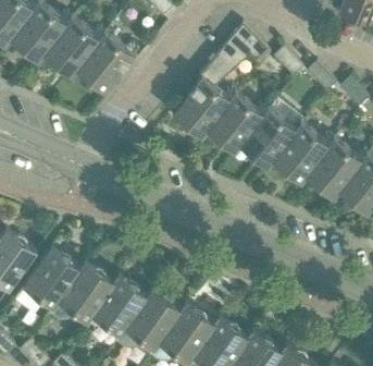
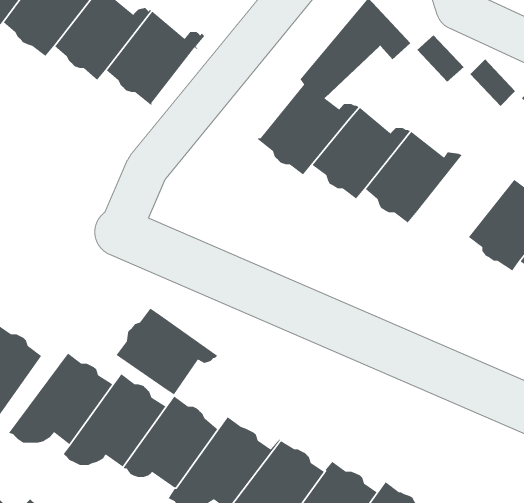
building: [272,123,334,182] -> none
building: none -> [115,308,218,395]

